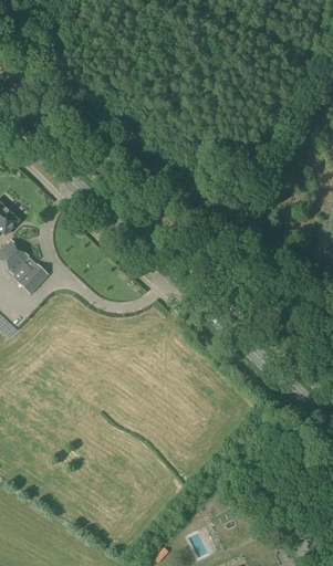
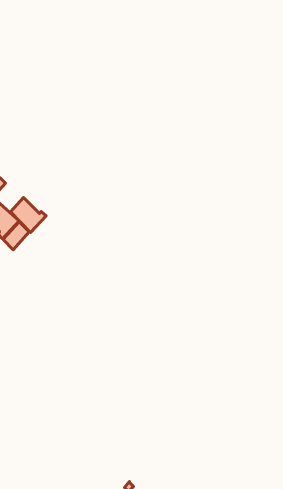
building: none -> [11,197,46,232]

